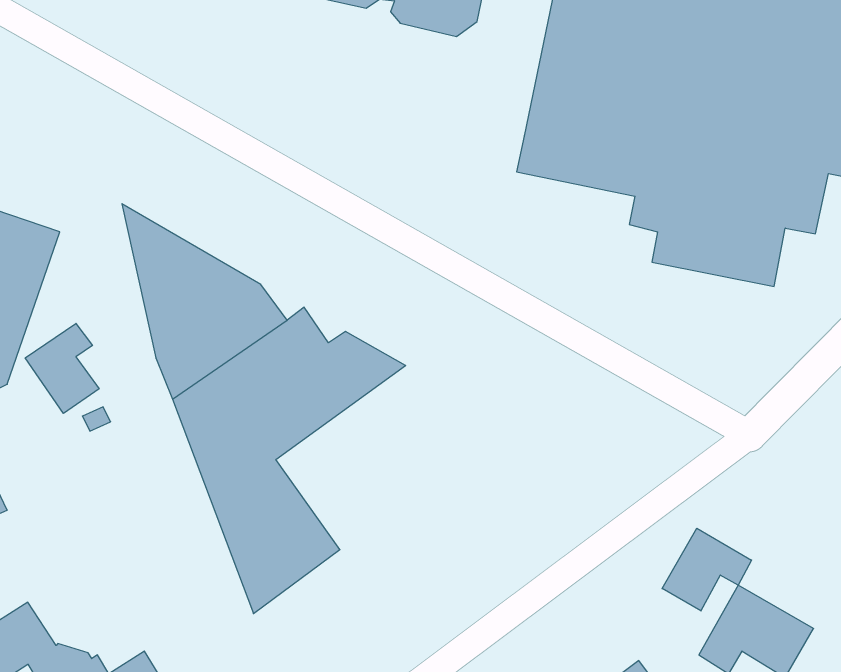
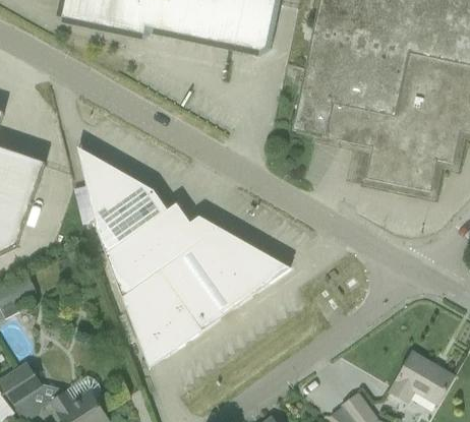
building: [25,323,99,413] -> none
building: none -> [162,234,290,334]
building: [662,528,752,611] -> none

